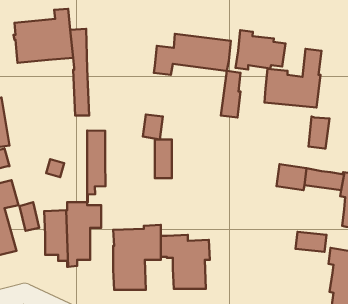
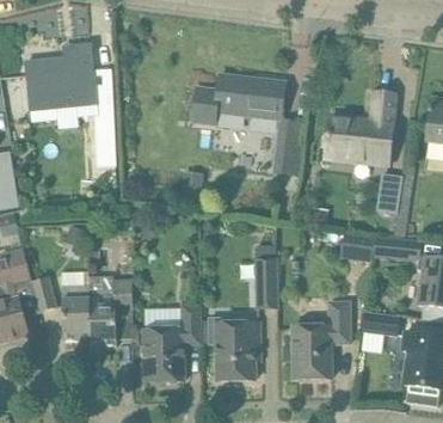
building: [235,30,285,70] -> none
building: [87,131,106,202] -> none
building: [155,139,172,178] -> [257,260,277,307]
building: none -> [293,301,350,379]

